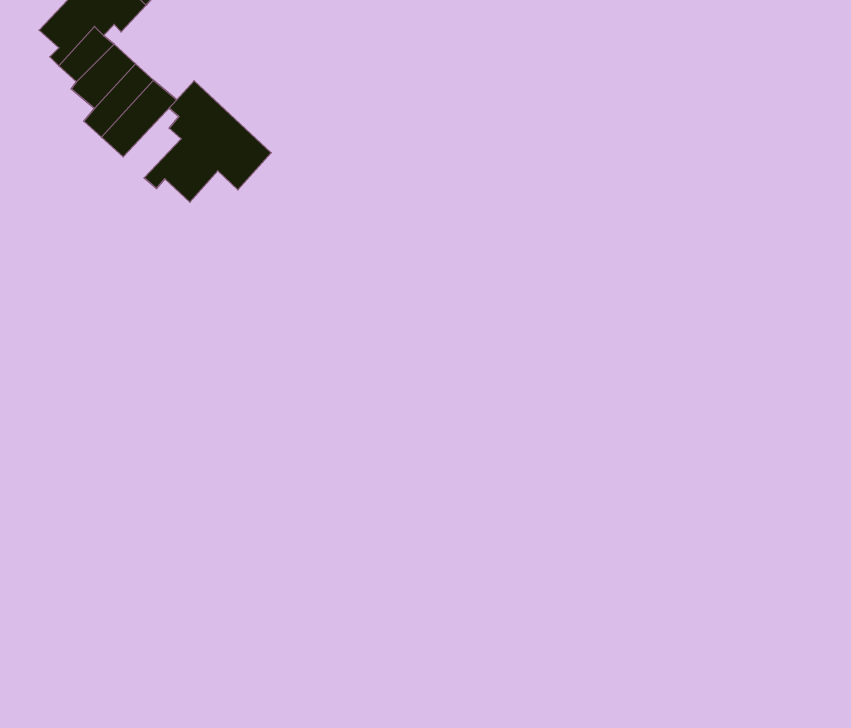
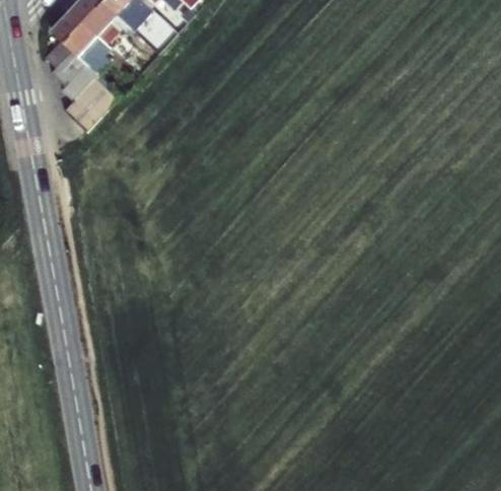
building: [144,81,271,202] -> none

